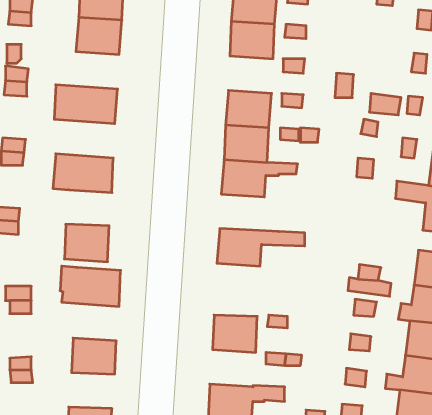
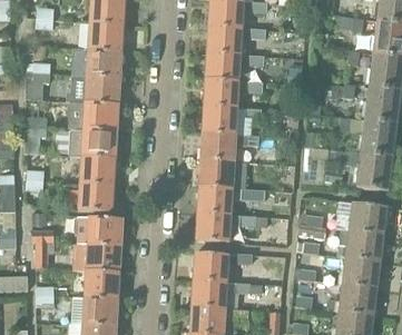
building: none -> [72,48,121,78]
building: none -> [206,52,241,81]
building: none -> [69,101,118,131]
building: none -> [80,156,116,184]
building: none -> [199,159,246,188]
building: none -> [196,213,268,242]
building: none -> [75,243,121,273]
building: none -> [192,279,227,308]
building: none -> [71,296,118,325]

